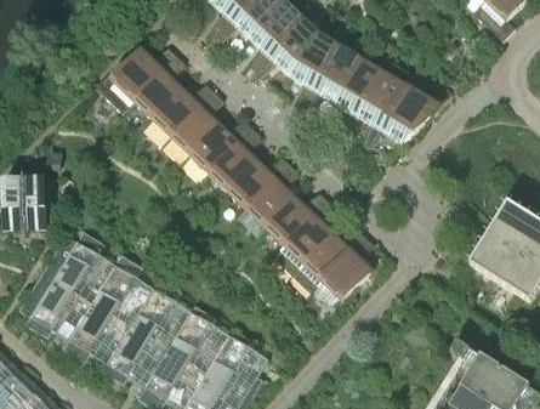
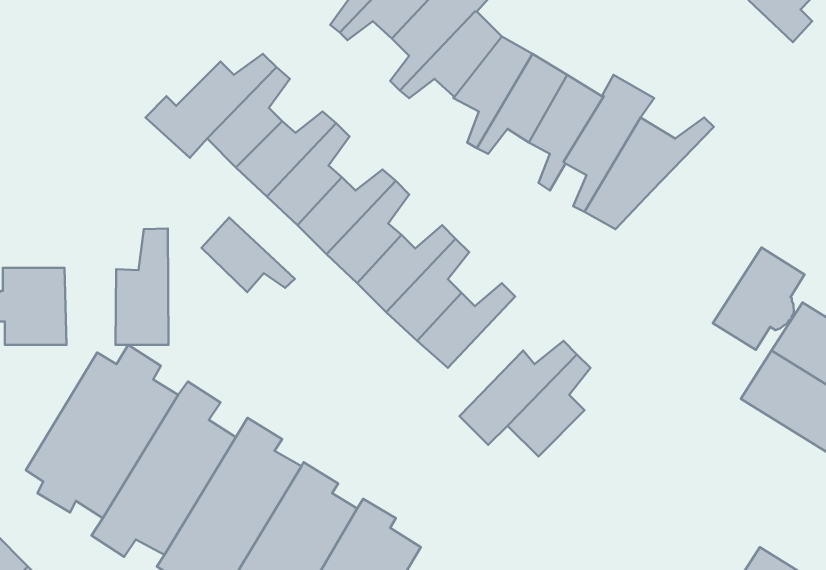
building: none -> [202,218,295,292]
building: none -> [116,228,169,345]
building: none -> [713,248,805,350]
building: [272,198,336,273] -> none

